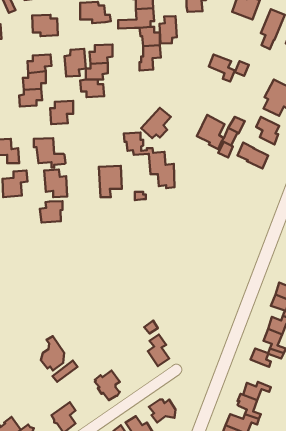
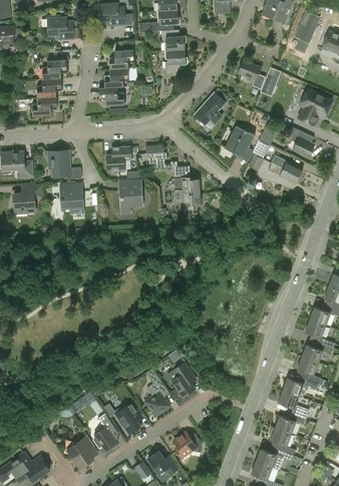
building: [159,16,177,44] -> none
building: [64,49,86,77] -> none
building: [50,101,73,124] -> [106,146,131,171]
building: [141,108,171,138] -> [194,92,226,125]
building: [40,201,63,222] -> none
building: [41,336,64,370] -> [92,414,117,451]
building: none -> [144,369,170,416]
building: none -> [278,390,309,420]

